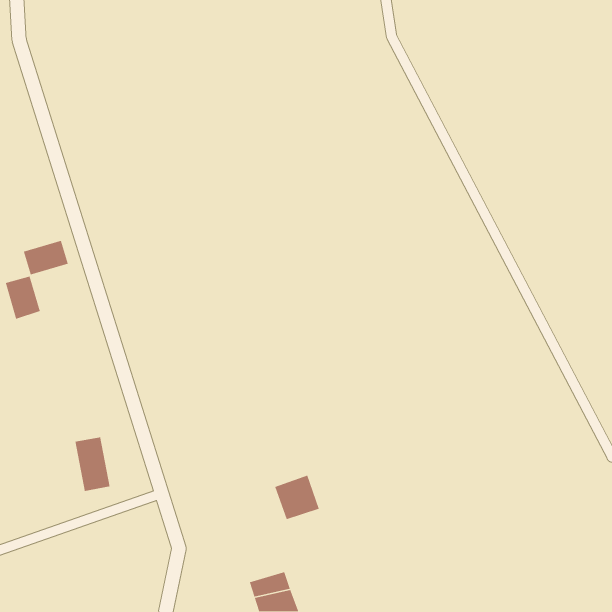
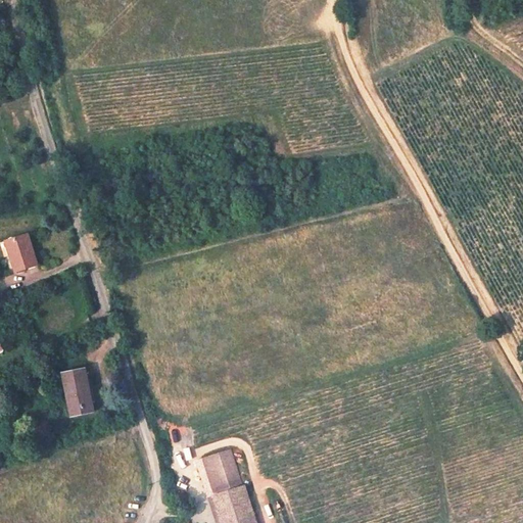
building: [23,240,69,275] -> none
building: [274,474,320,520] -> [199,448,238,487]

